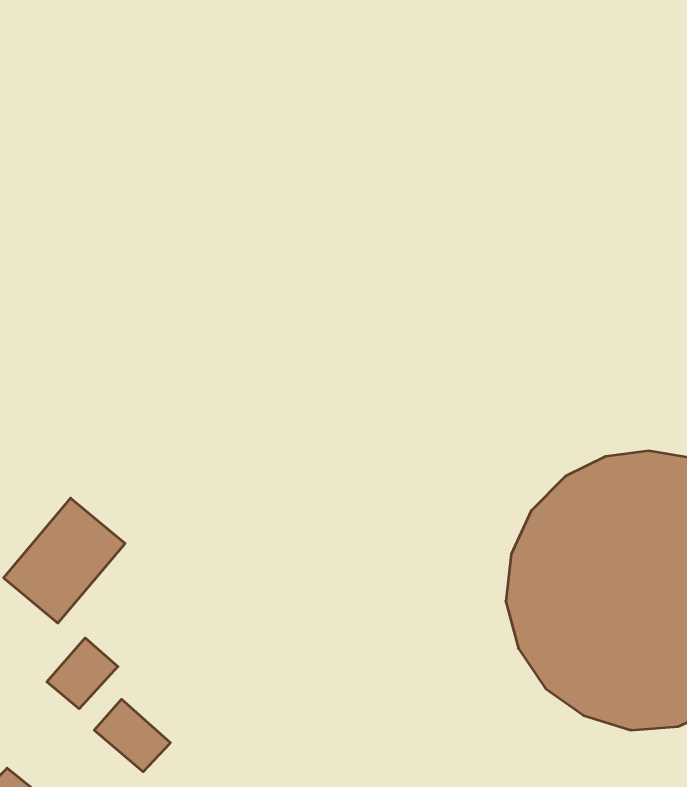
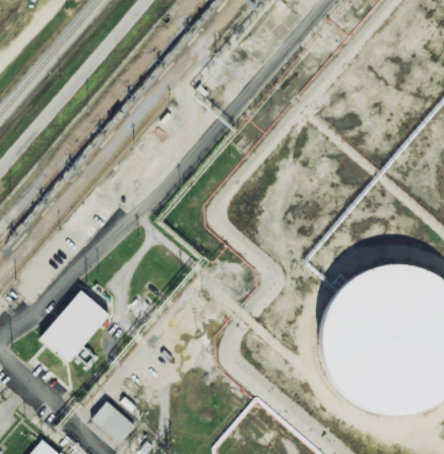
building: [47,638,118,709] -> none

